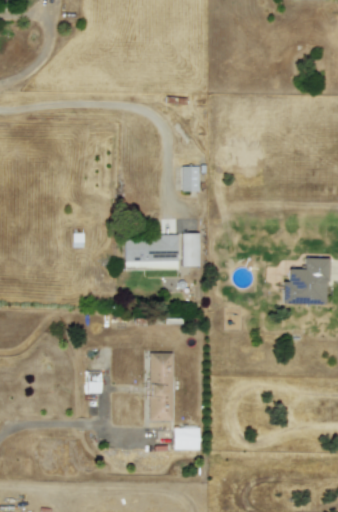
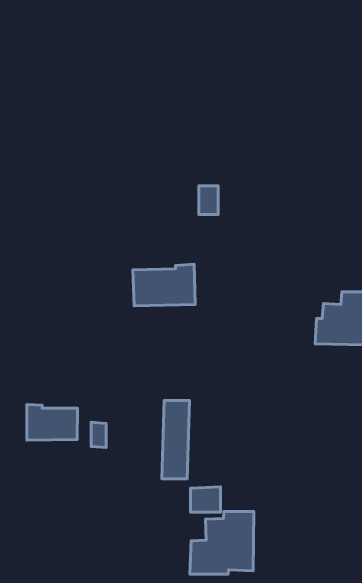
building: [183,233,199,266] -> none
building: none -> [27,405,77,440]
building: none -> [190,511,254,574]

